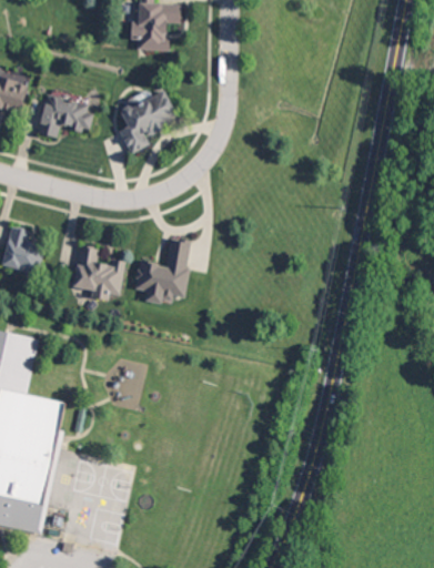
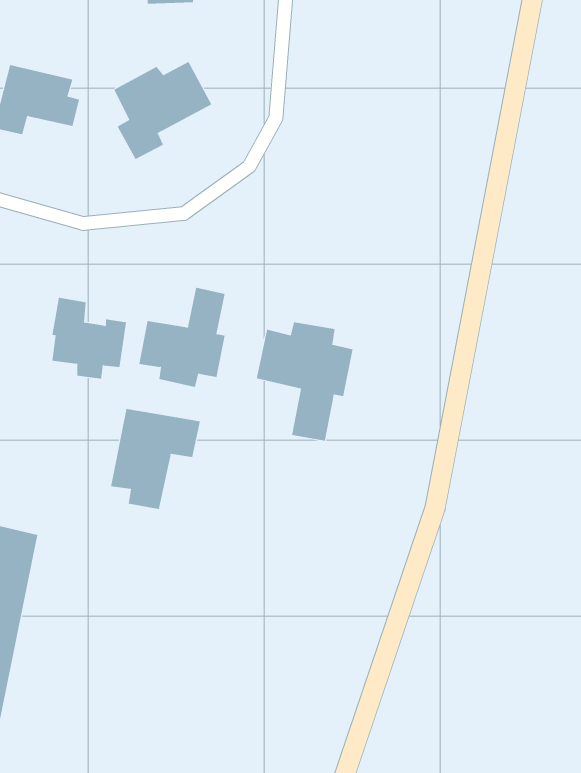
building: none -> [256,322,353,442]
building: none -> [111,408,201,510]

